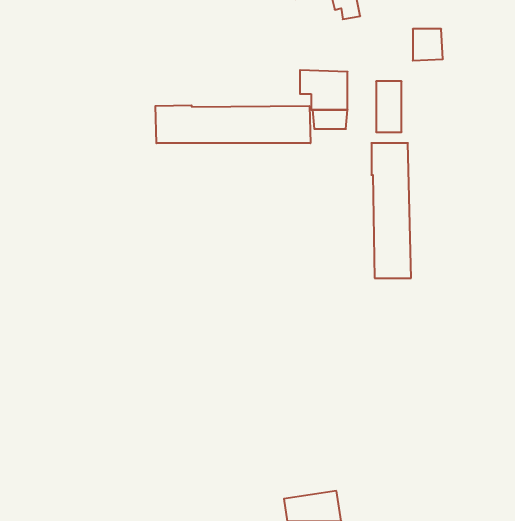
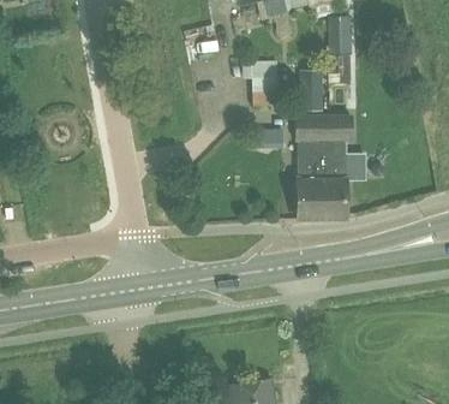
building: [155,105,310,143] -> none
building: none -> [324,115,352,218]

